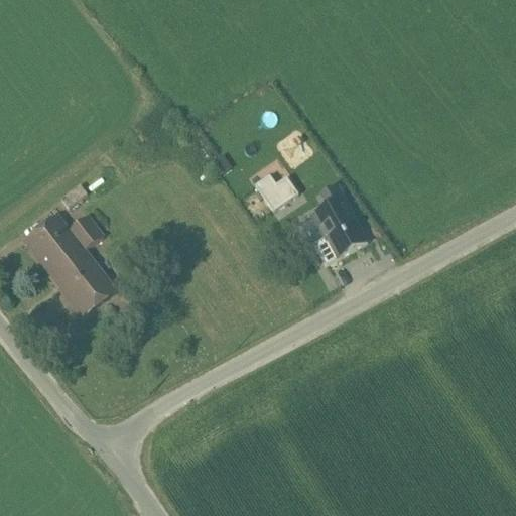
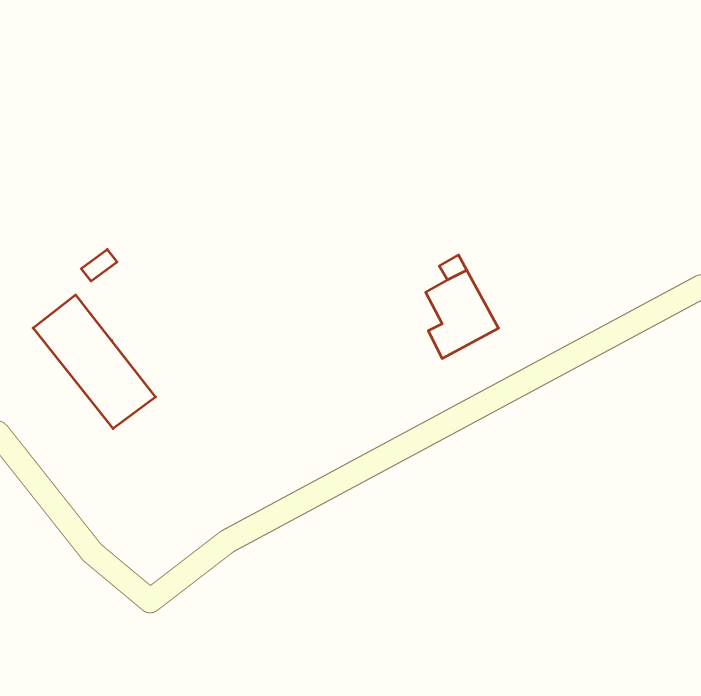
building: [254,173,297,210] -> none
building: [67,215,101,249] -> none

